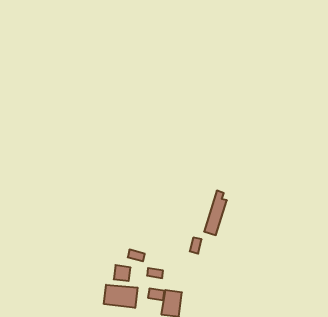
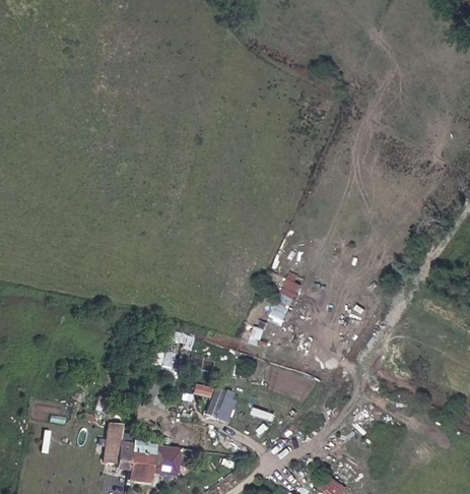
building: [104,285,138,308] -> none

